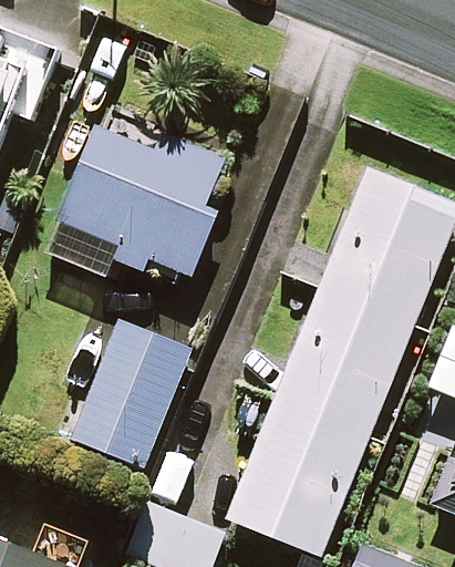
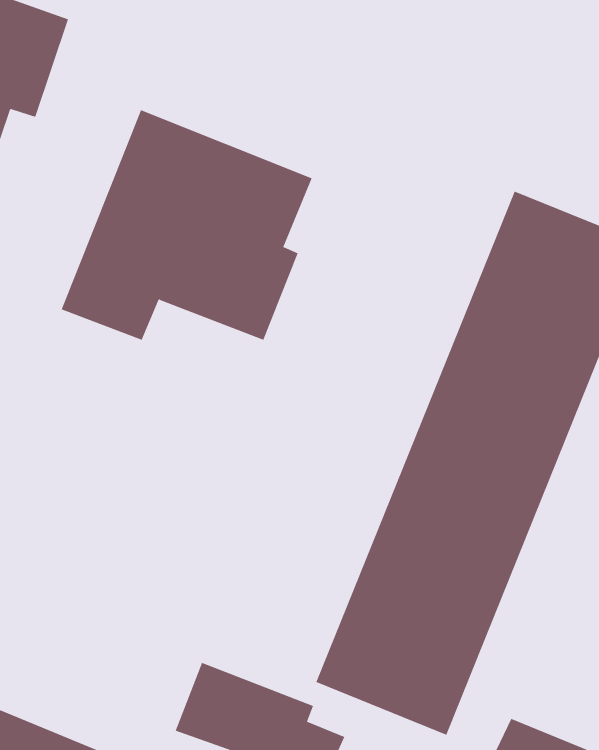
building: [70,320,192,467] -> none

